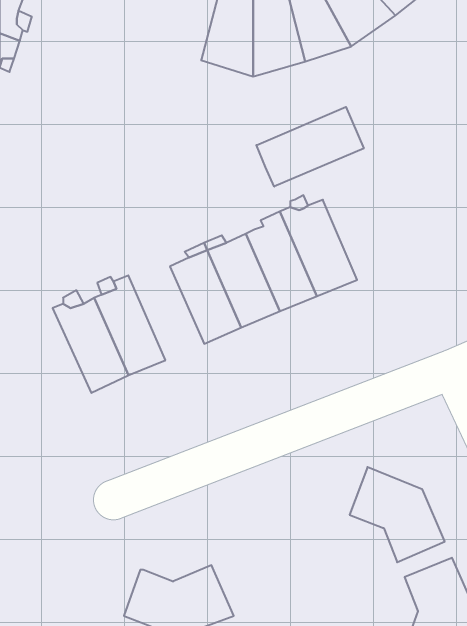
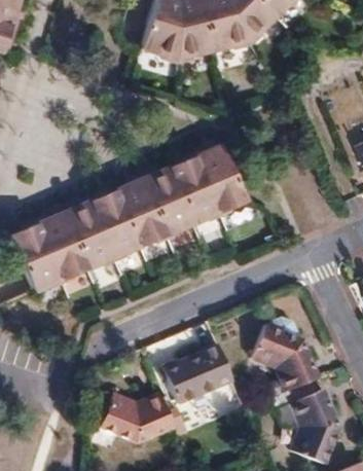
building: [256,107,364,187] -> none
building: none -> [96,186,148,251]
building: none -> [16,215,70,286]
building: none -> [158,345,228,402]

